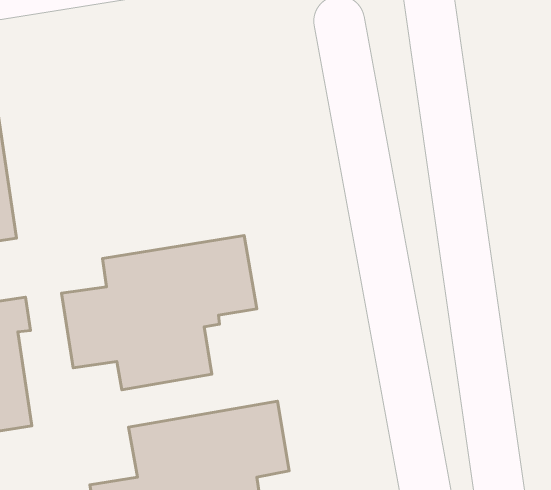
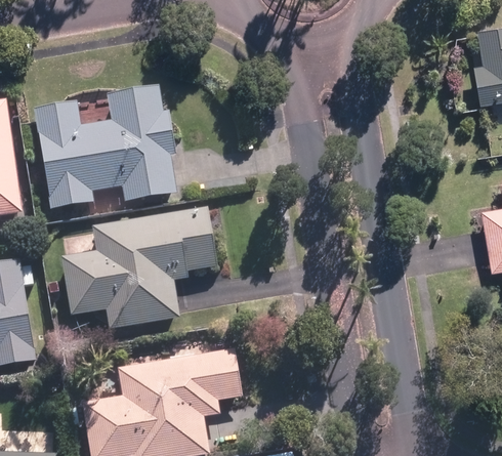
building: none -> [34,85,179,211]

